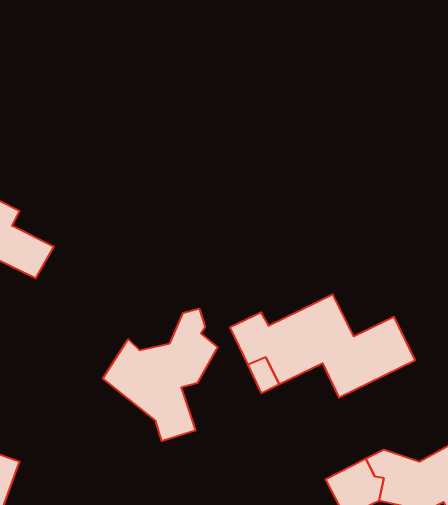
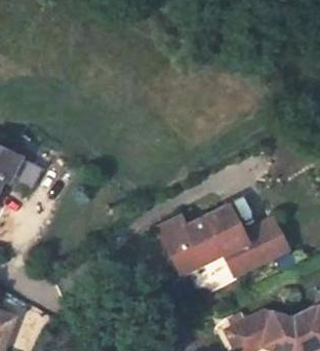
building: [103,309,218,441] -> none

